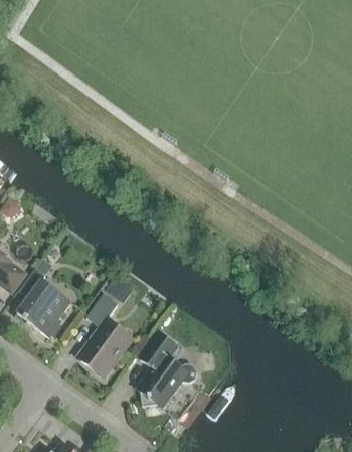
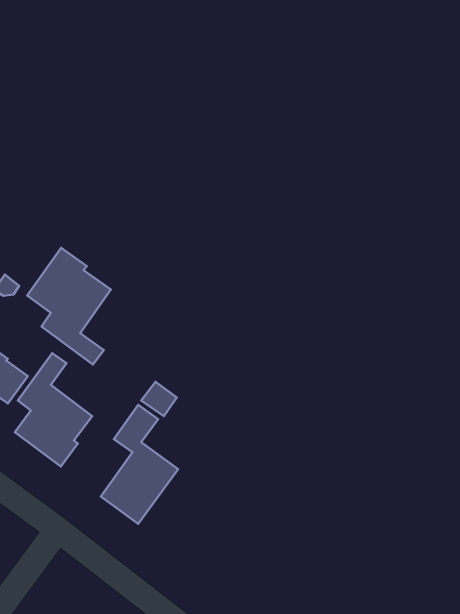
building: none -> [27,248,111,364]
building: [136,331,196,408] -> none

